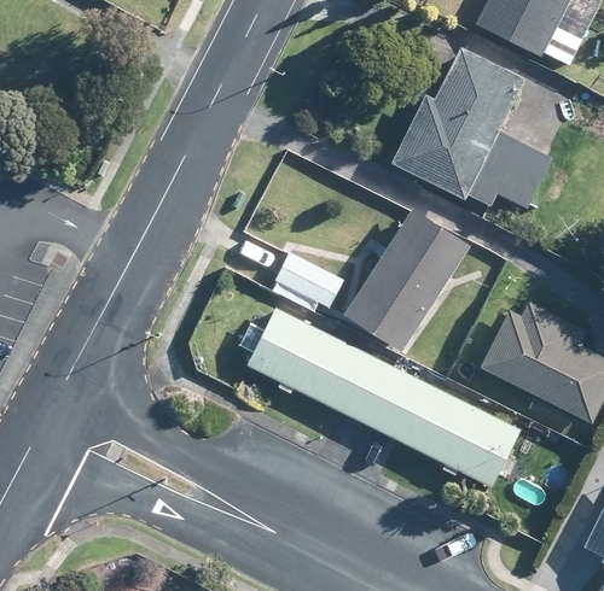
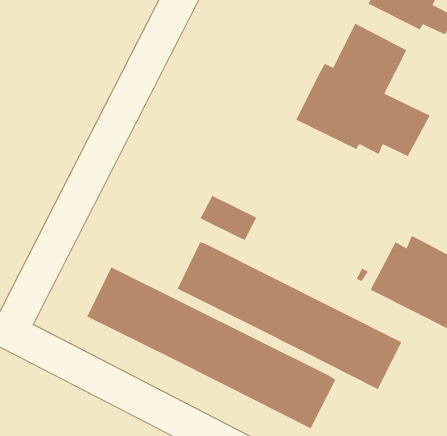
building: [345,210,469,351] -> none
building: none -> [86,266,336,429]

